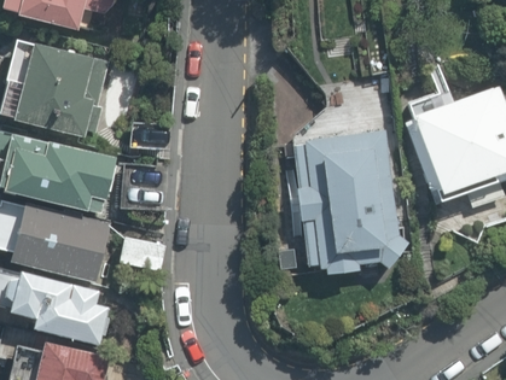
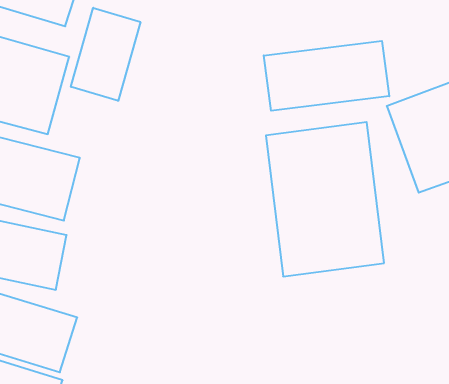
building: none -> [71,8,140,101]
building: none -> [264,41,389,111]

